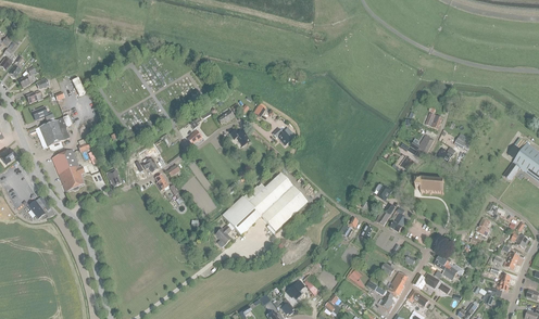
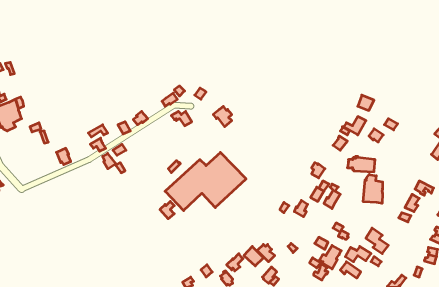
building: [51,149,84,191] -> none
building: none -> [363,174,383,203]

